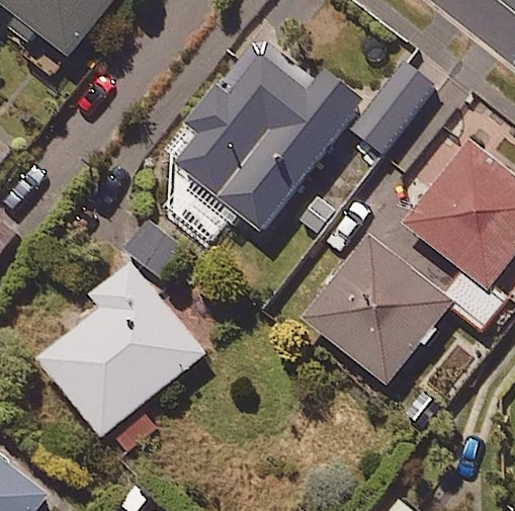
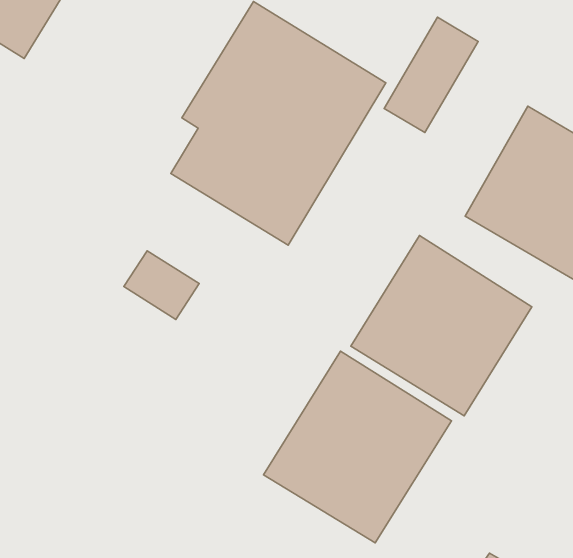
building: [37,262,204,437] -> none
building: none -> [263,351,451,543]

